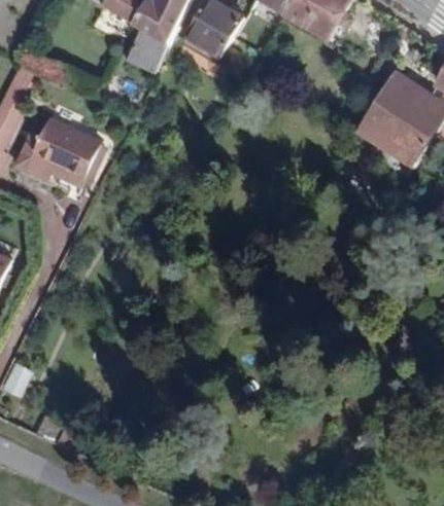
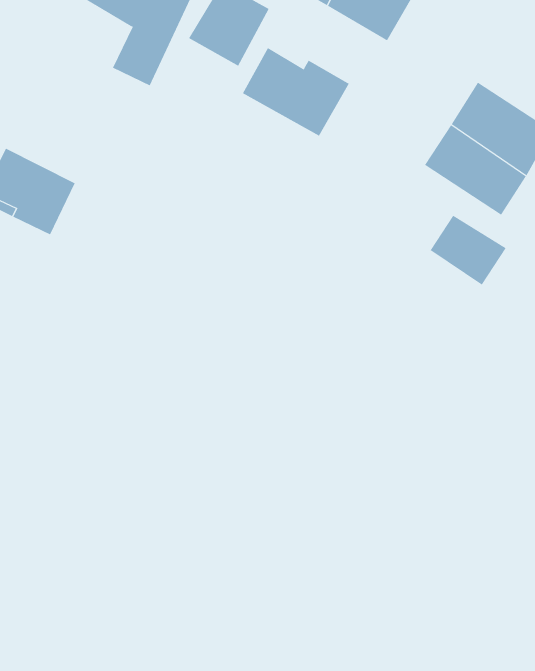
building: none -> [242,47,350,137]
building: none -> [430,215,506,285]

